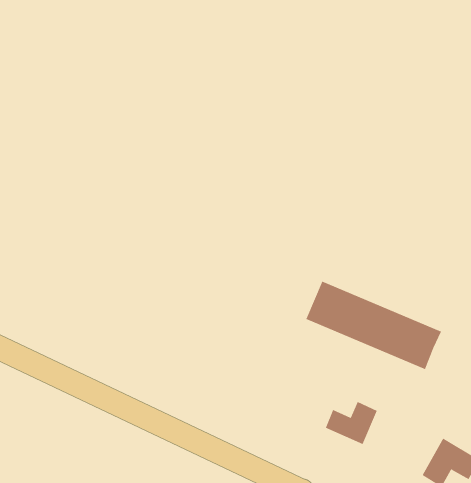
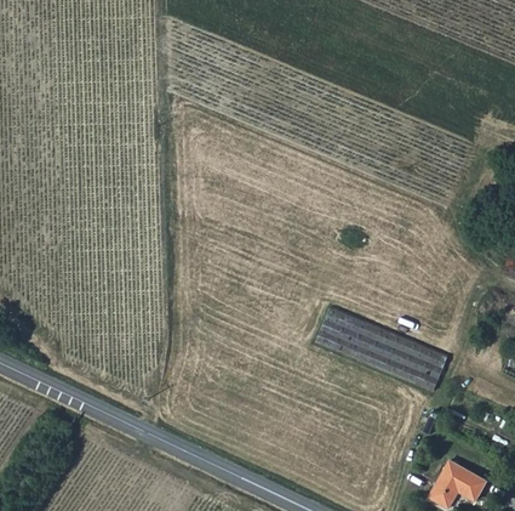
building: [325,401,377,445] -> none

